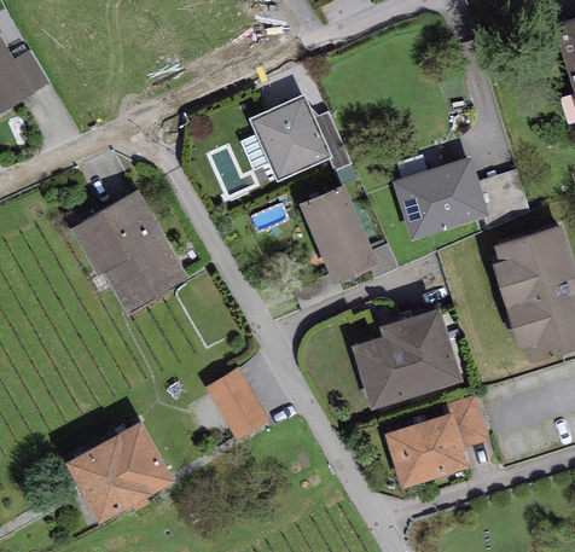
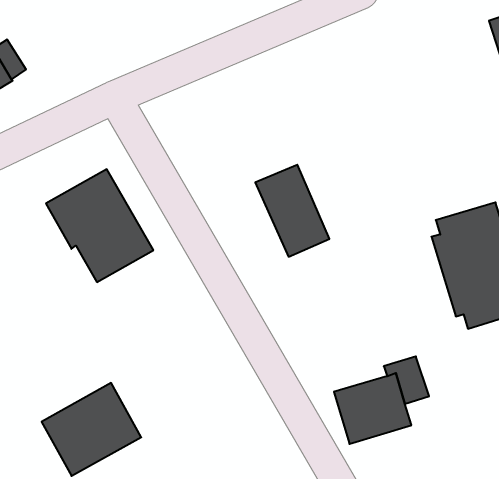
building: [248,94,332,181] -> none
building: [393,157,489,240] -> none
building: [350,308,463,409] -> none
building: [205,366,268,437] -> none

